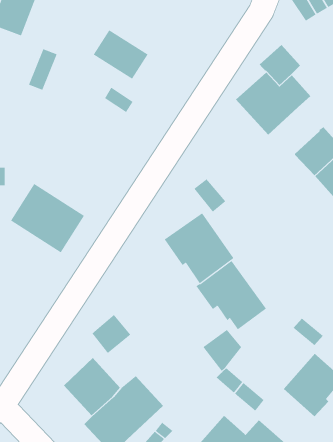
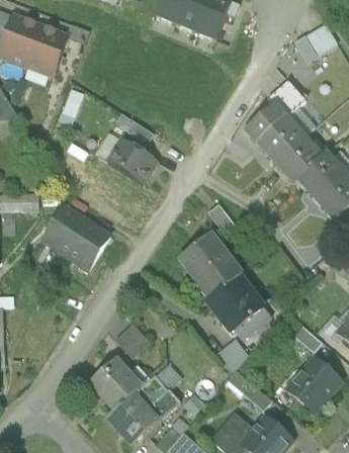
building: [93,30,148,79] -> [107,140,157,184]
building: none -> [274,139,320,184]

